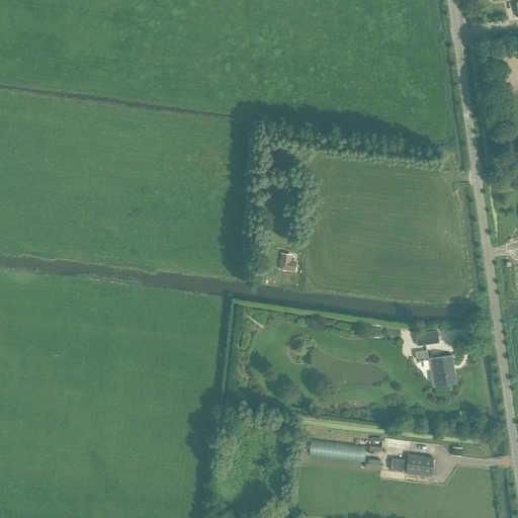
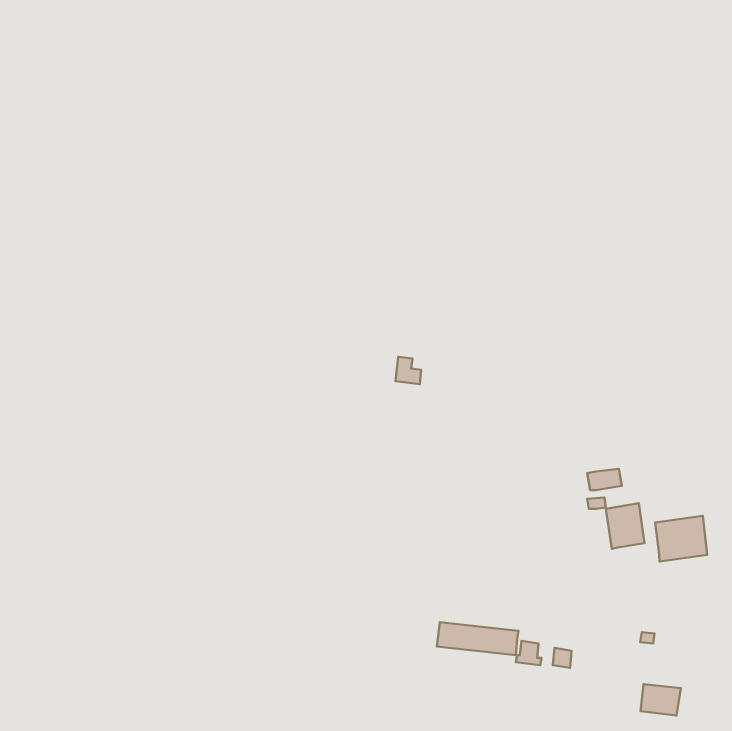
building: none -> [655,516,707,562]
building: [406,453,434,476] -> [641,684,681,716]

